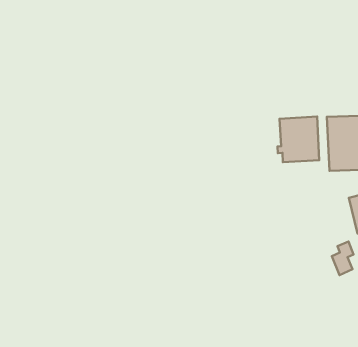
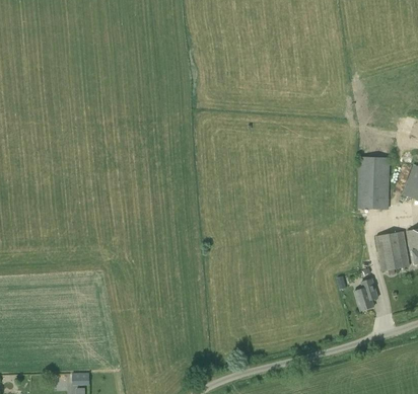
building: [278,117,319,162] -> none

